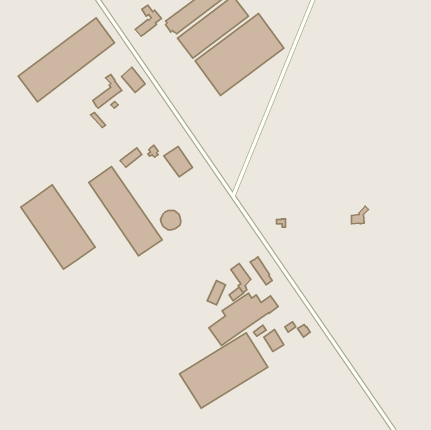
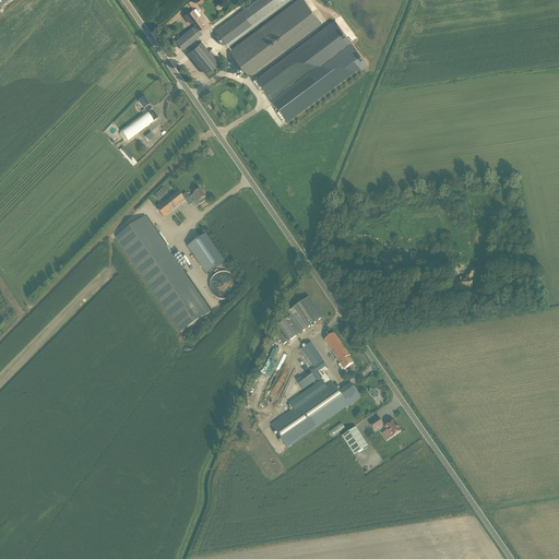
building: [18,18,115,102] -> none
building: [122,67,145,92] -> [187,38,217,71]
building: [164,147,193,177] -> [186,234,223,273]
building: [21,185,95,269] -> none
building: none -> [276,296,321,340]
building: [180,333,268,408] -> none

